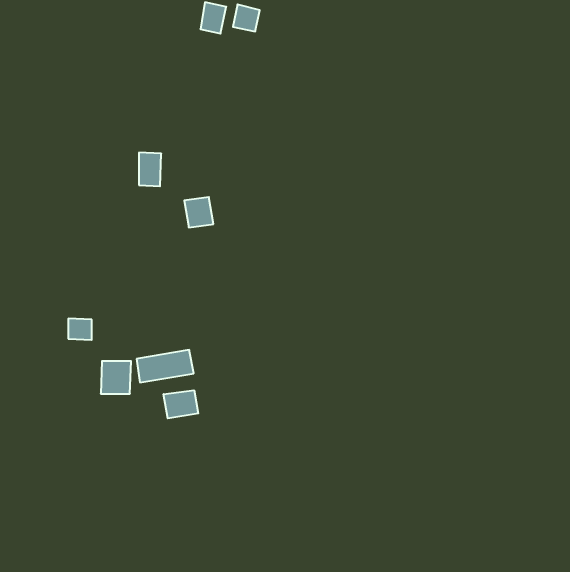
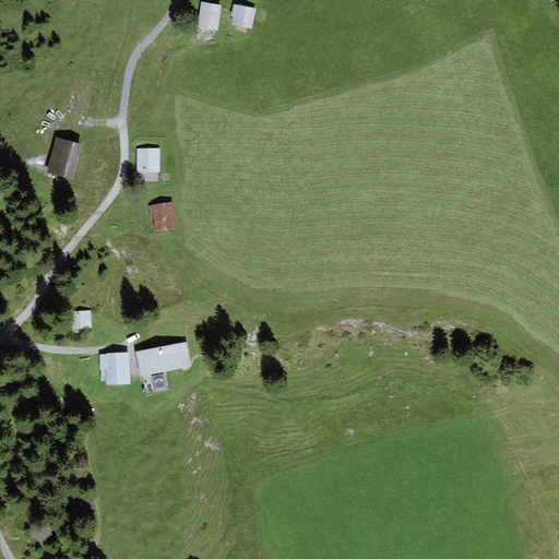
building: none -> [46,139,83,182]
building: [184,197,213,227] -> [148,202,177,231]
building: [164,390,198,418] -> none

